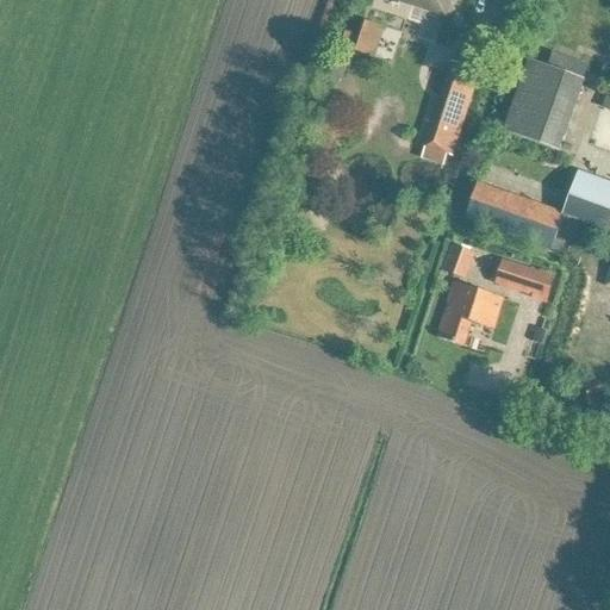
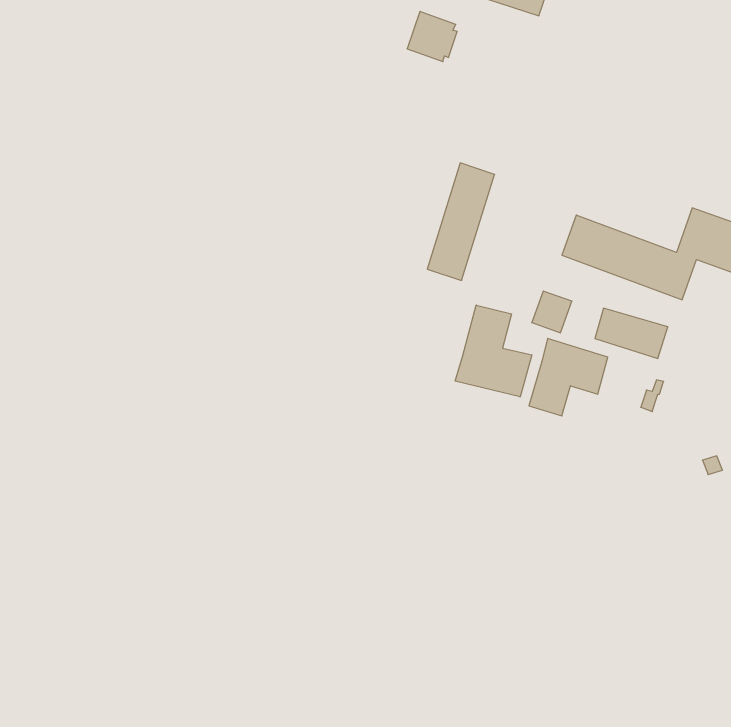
building: [504,55,584,147] -> none
building: [424,56,480,154] -> [427,163,495,280]
building: none -> [455,305,532,397]

